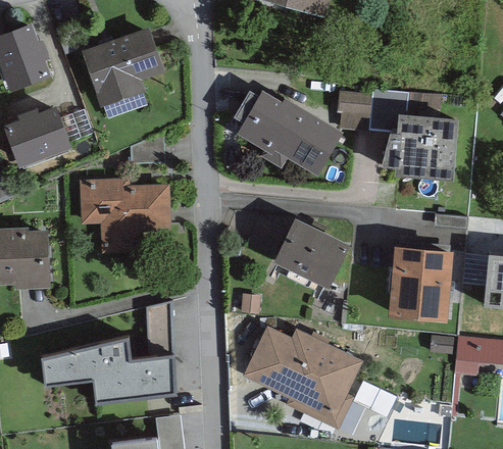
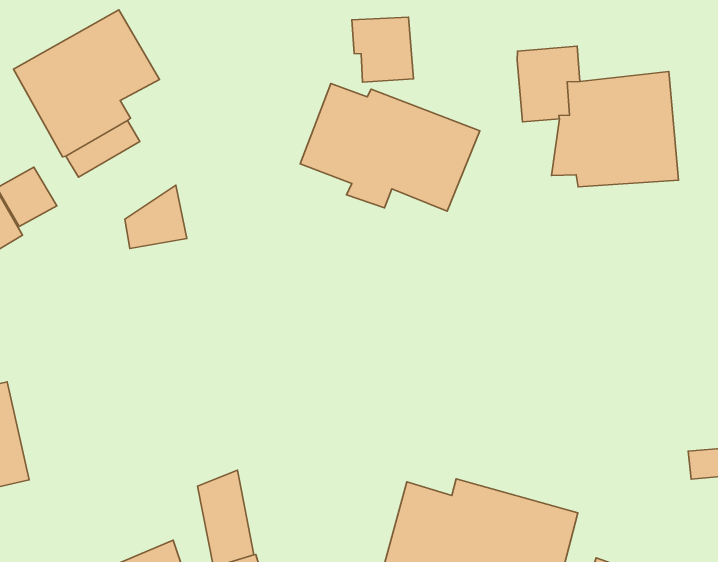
building: [337,92,371,132] -> [352,17,414,82]
building: [79,179,170,255] -> none
building: [273,217,350,288] -> none
building: [388,245,452,320] -> none

